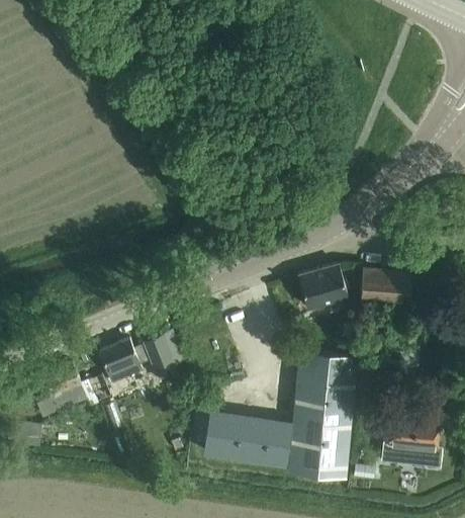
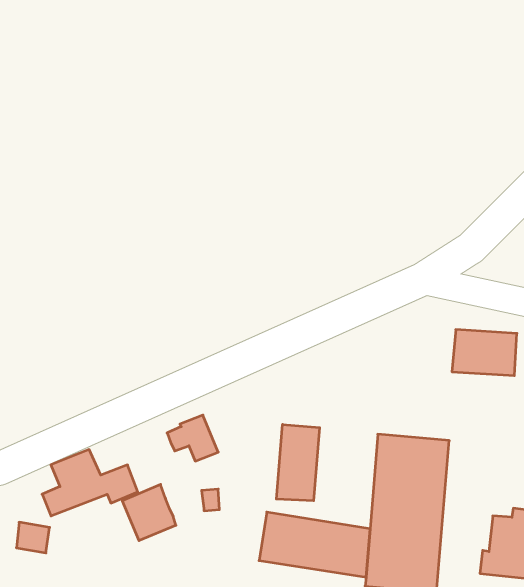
building: [298,266,348,311] -> none
building: [99,340,142,384] -> [122,484,176,541]
building: none -> [276,424,320,501]

